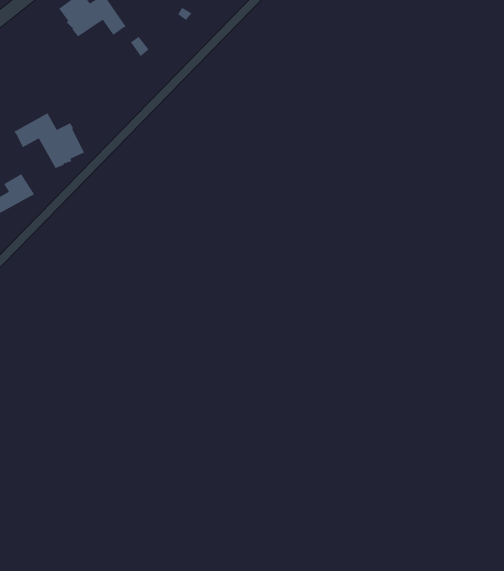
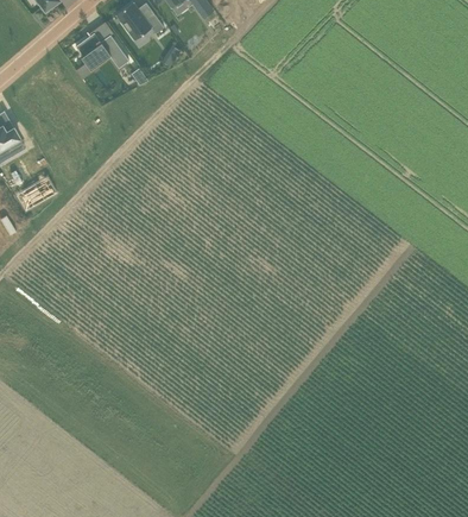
building: [13,112,85,169] -> none

